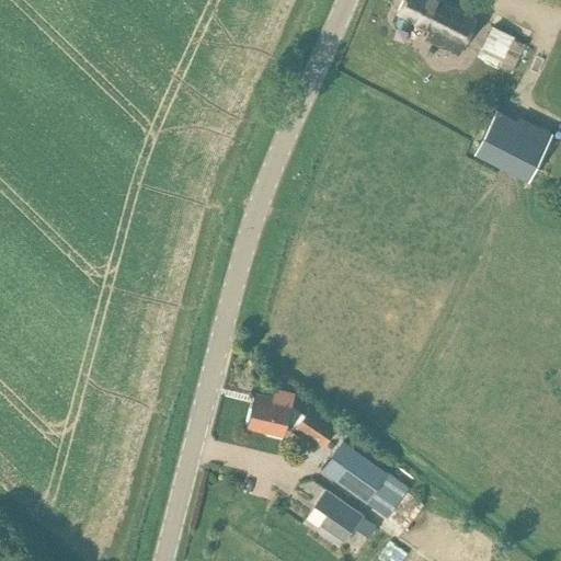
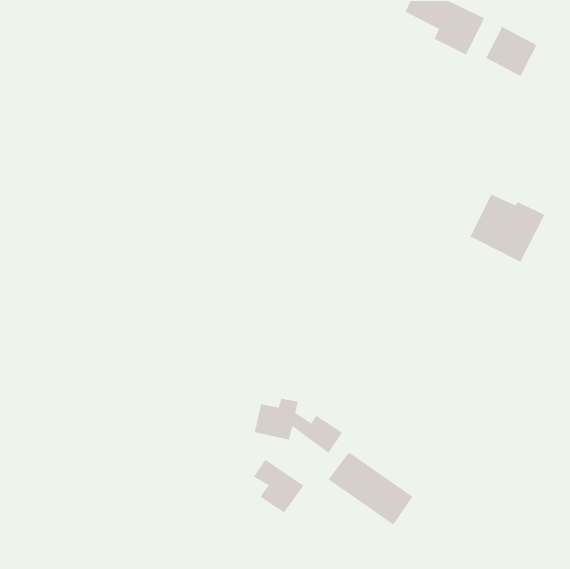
building: [477,113,551,181] -> [469,193,545,263]
building: [314,490,365,543] -> [253,459,304,514]

